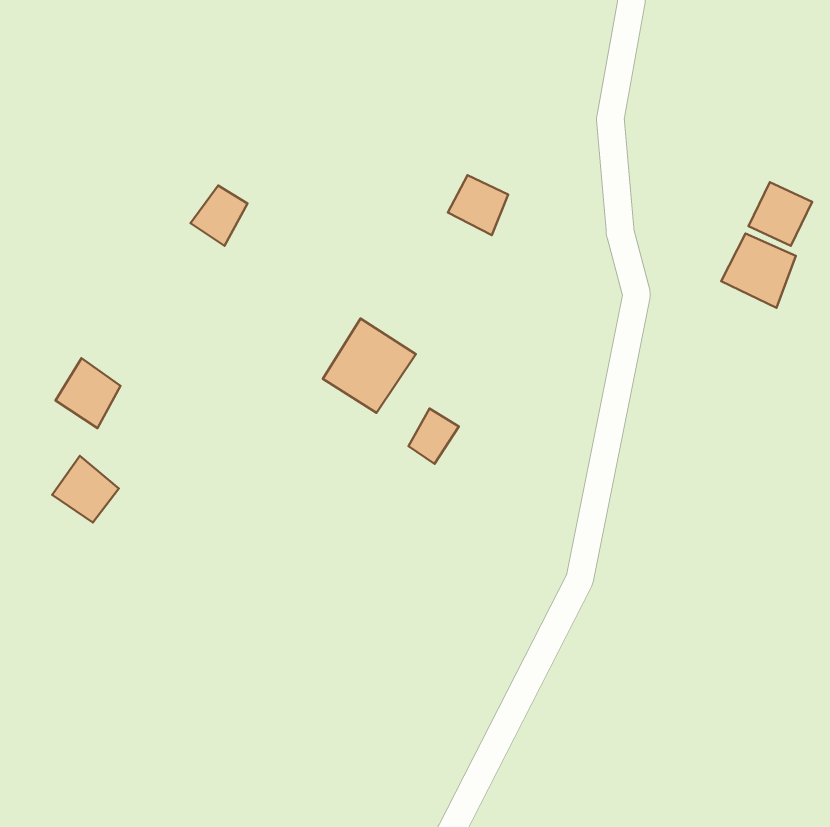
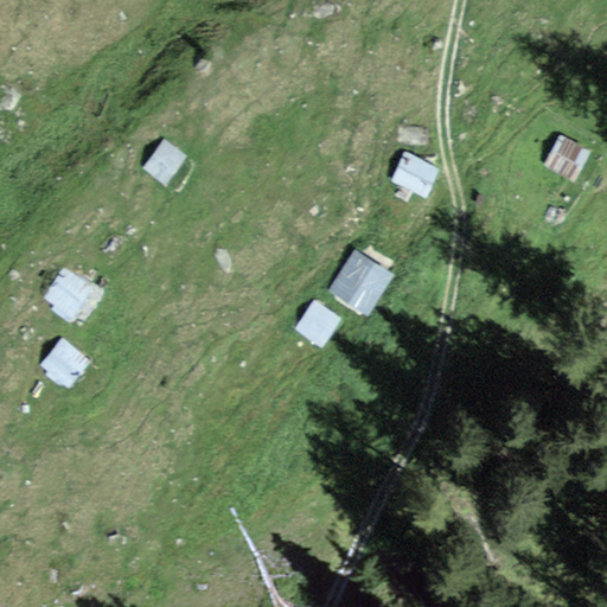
building: [448,175,508,235] -> [391,152,435,196]
building: [721,233,796,308] -> none
building: [323,318,416,413] -> [327,249,395,318]

